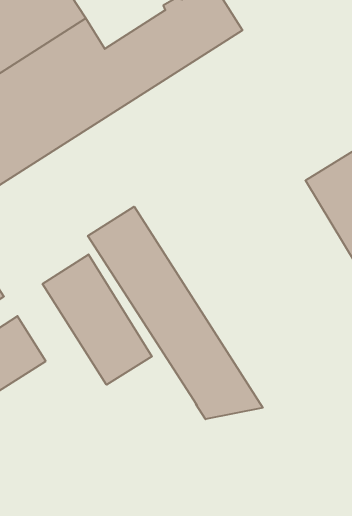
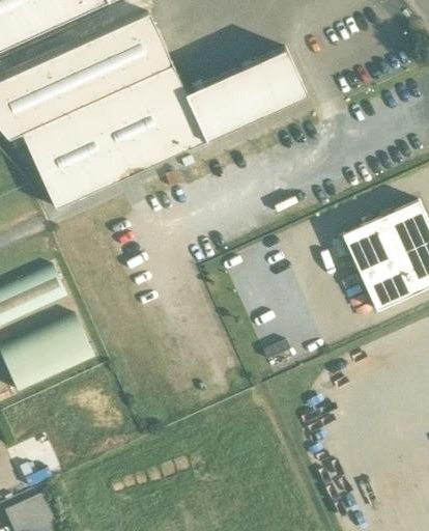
building: [88,207,263,419] -> none
building: [43,254,152,385] -> none

